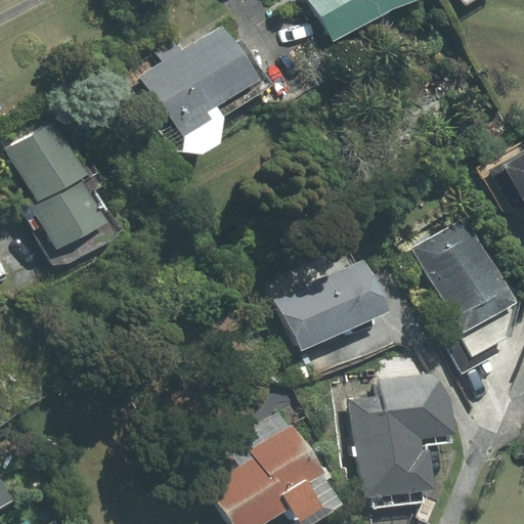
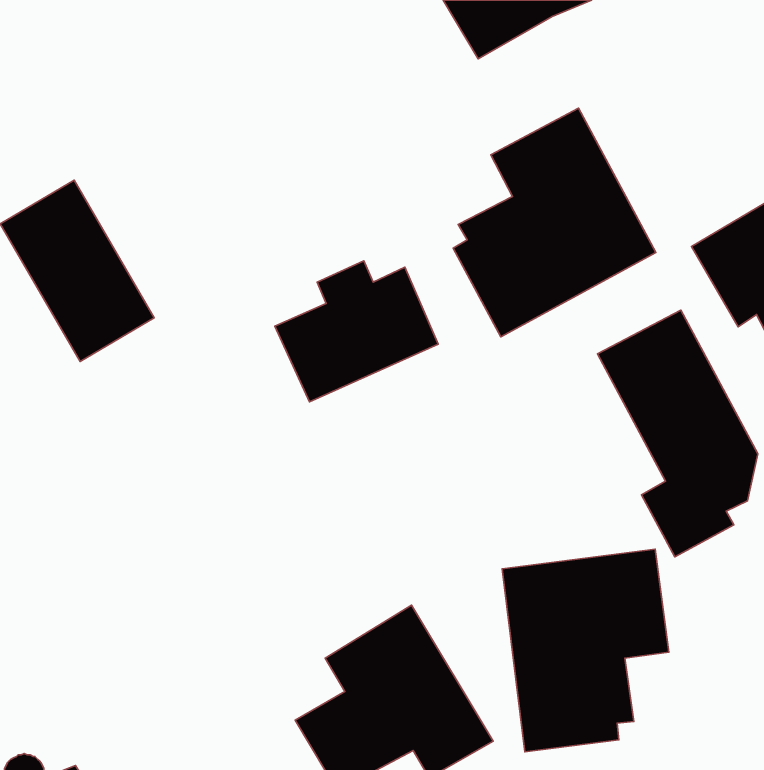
building: [145,25,263,135] -> none
building: none -> [453,108,656,337]
building: [278,257,389,352] -> [275,261,438,402]

